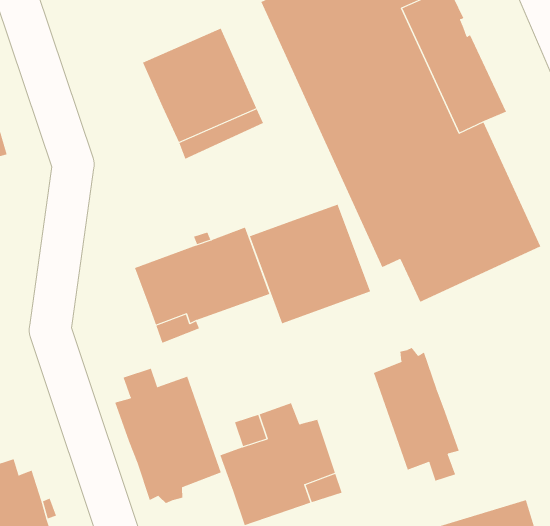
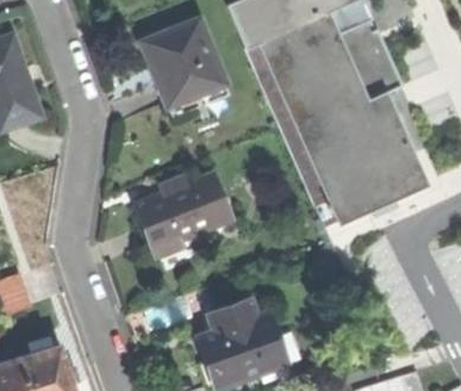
building: [249,204,371,324] -> none
building: [373,347,459,482] -> none
building: [115,368,221,504] -> none

